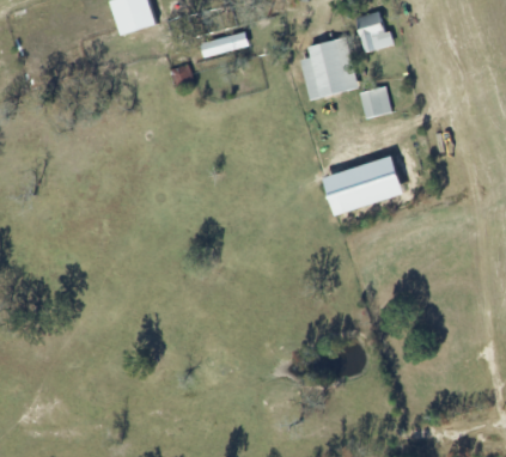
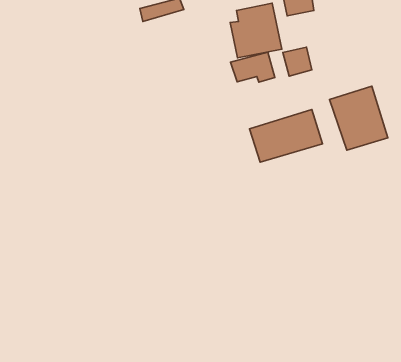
building: none -> [230,52,275,82]
building: none -> [330,86,388,150]

